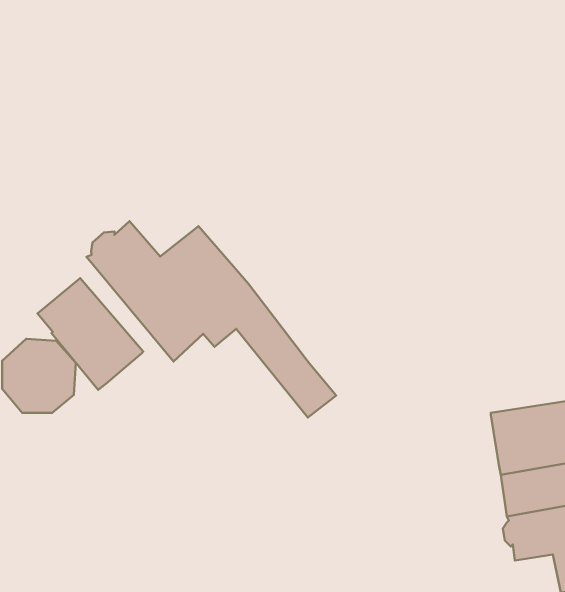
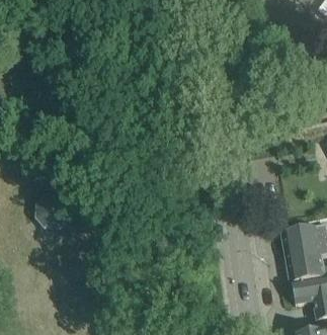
building: [86,221,336,417] -> none
building: [38,278,143,390] -> none

